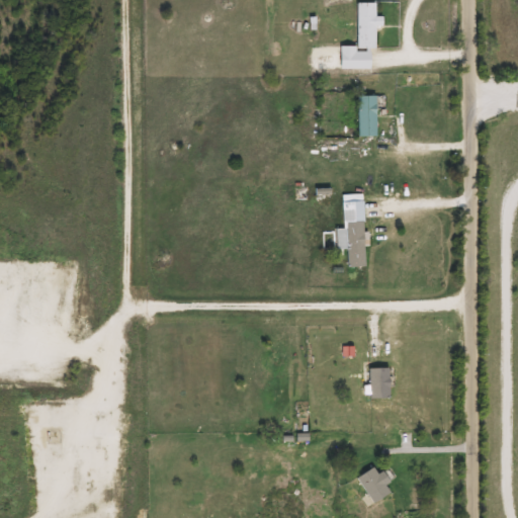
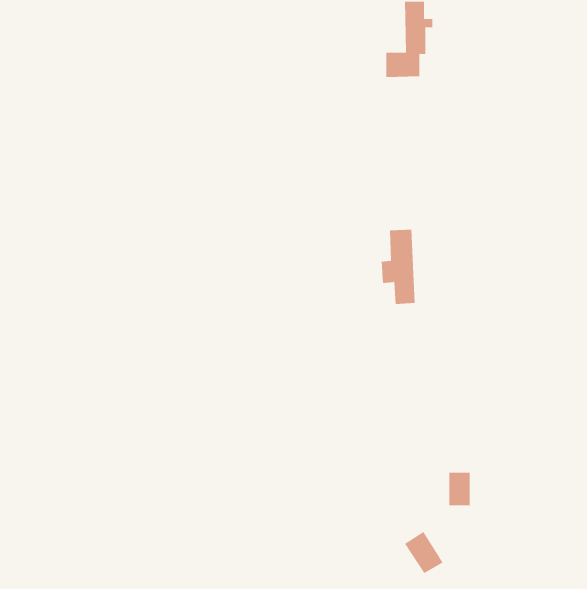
building: [358,95,377,136] -> none
building: [371,368,391,398] -> [449,472,471,506]

